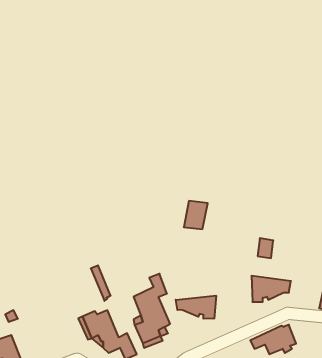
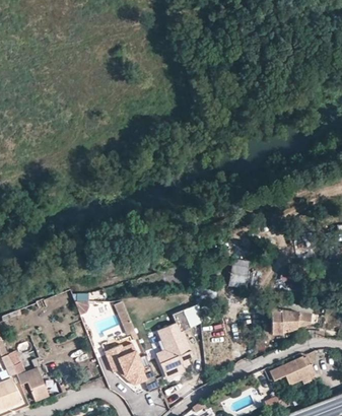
building: [184,201,208,229] -> [229,260,253,287]
building: [176,296,216,319] -> none

